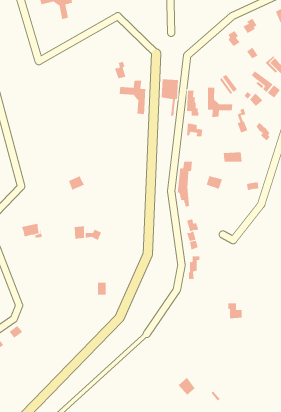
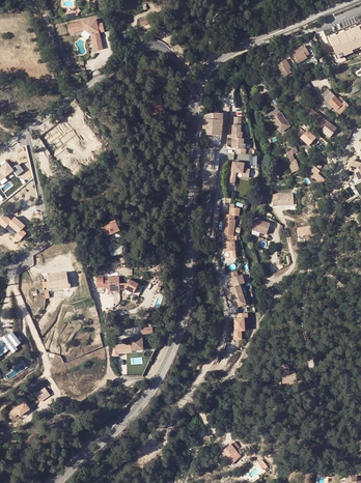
building: [119,80,146,115] -> none
building: [208,87,233,118] -> none

